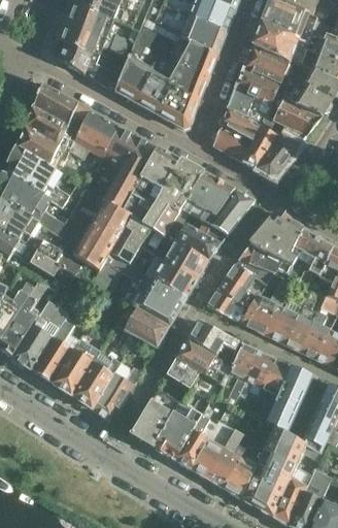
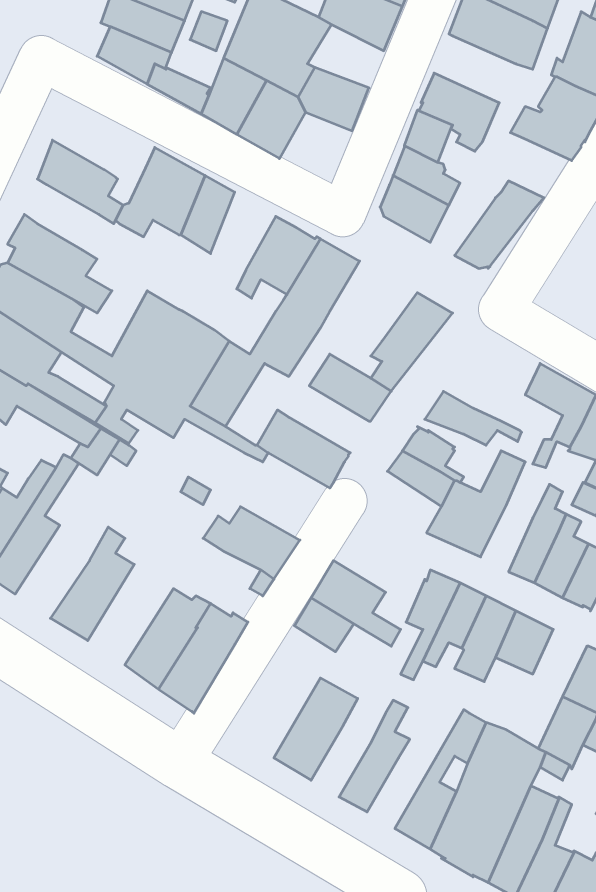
building: [174,39,216,74] -> none
building: [244,44,299,85] -> none
building: [33,80,90,124] -> none
building: [159,88,199,128] -> none
building: [271,94,320,134] -> none
building: [18,125,59,164] -> none
building: [242,125,278,167] -> none
building: [103,132,157,208] -> none
building: [181,170,235,223] -> none
building: [249,210,303,264] -> none
building: [148,239,208,276] -> none
building: [125,276,187,325] -> none
building: [207,287,248,321] -> none
building: [270,298,304,342] -> none
building: [12,301,67,368] -> none
building: [189,320,239,354] -> none
building: [53,335,101,394] -> none
building: [131,389,181,446] -> none
building: [264,390,299,430] -> none
building: [176,412,217,467] -> none
building: [207,428,245,485] -> none

